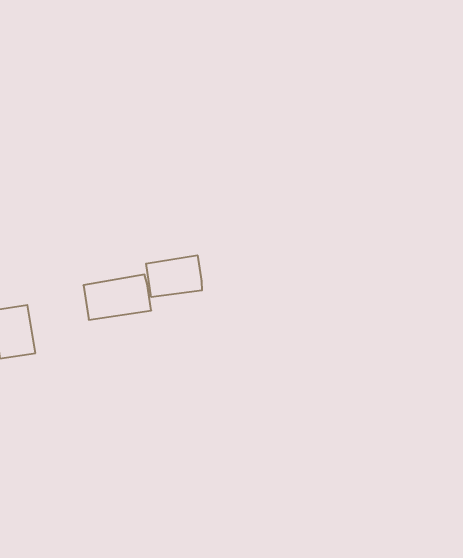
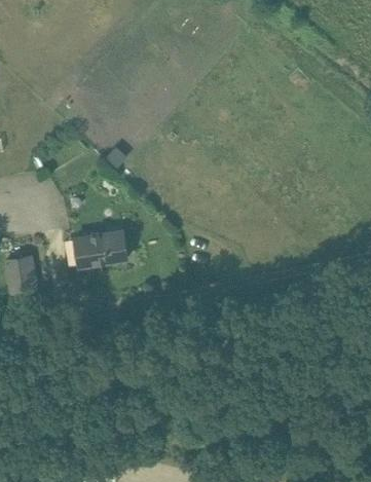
building: [146,255,202,297] -> none

